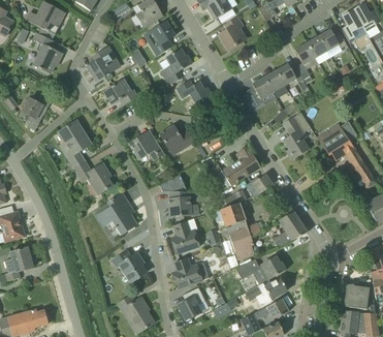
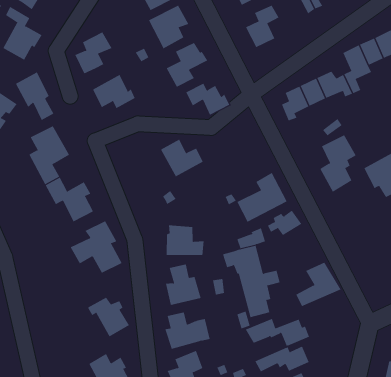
building: none -> [15,71,54,121]
building: [130,129,165,160] -> none

